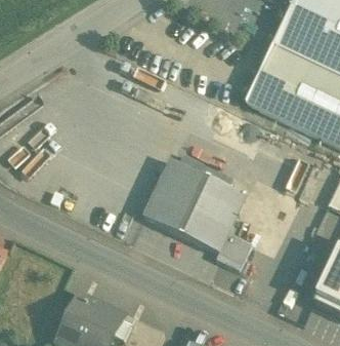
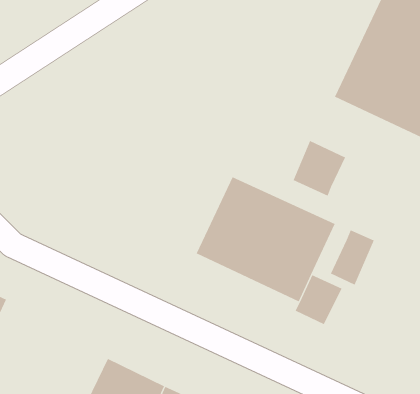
building: none -> [293,140,346,196]
building: none -> [330,230,375,285]

